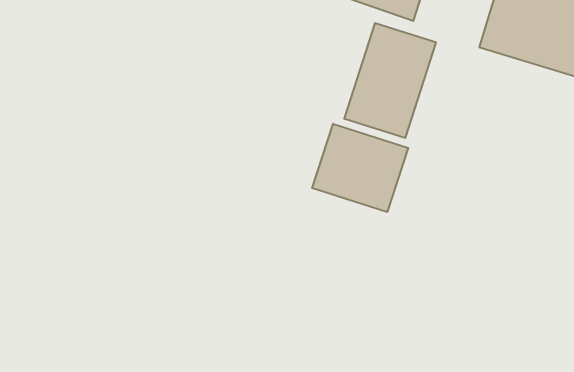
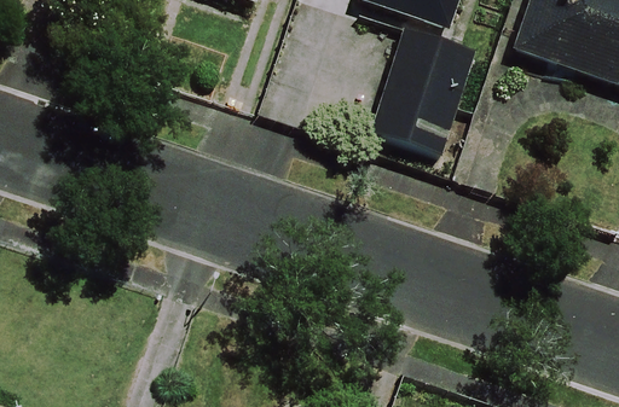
building: [312,124,408,212] -> none

